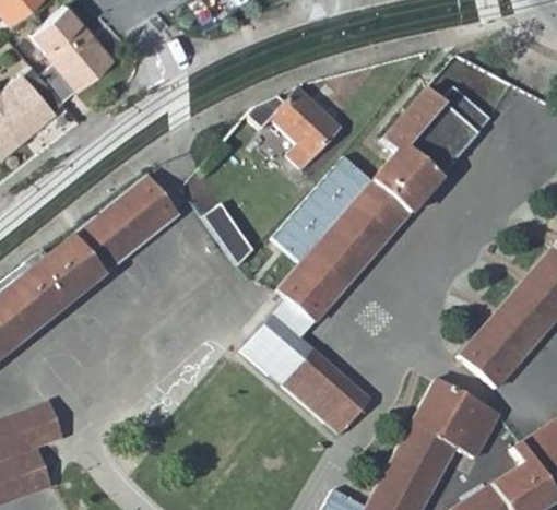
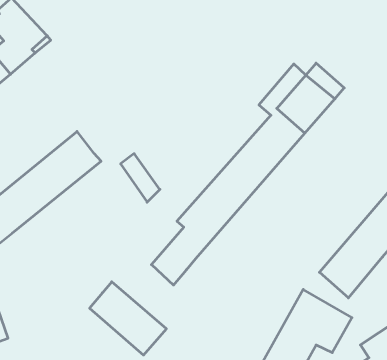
building: [246,88,341,167] -> none
building: [273,158,369,261] -> none
building: [272,339,370,432] -> [90,282,166,355]

